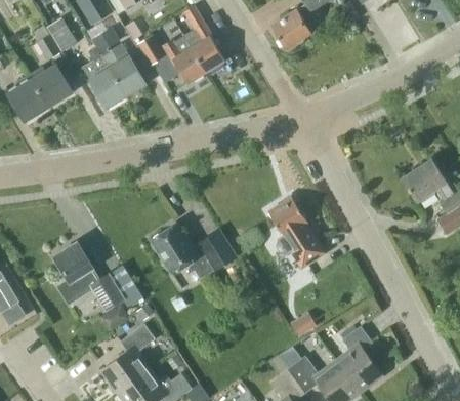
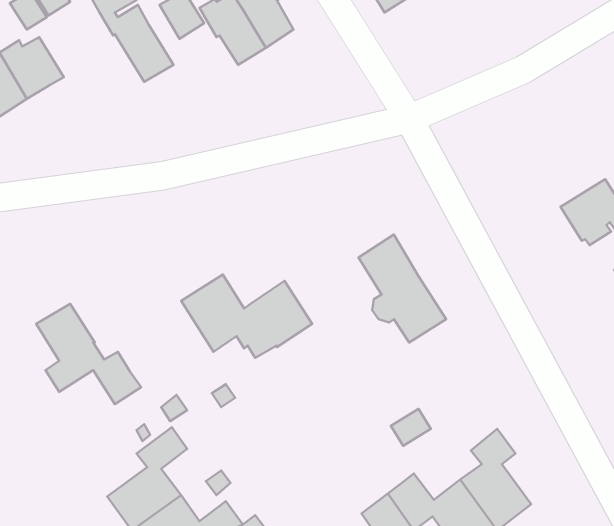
building: [82,49,125,107] -> none
building: [108,266,141,307] -> none

